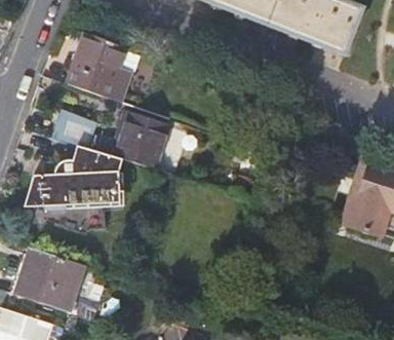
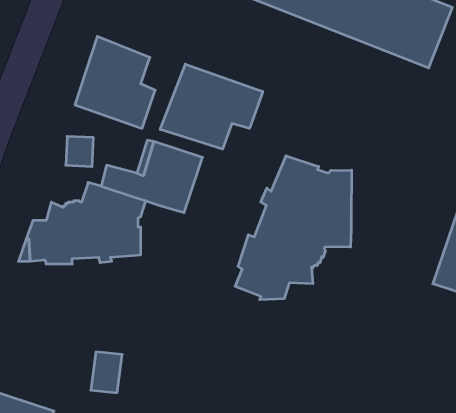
building: none -> [160,64,263,149]
building: none -> [235,156,352,300]
building: [15,249,83,313] -> none

